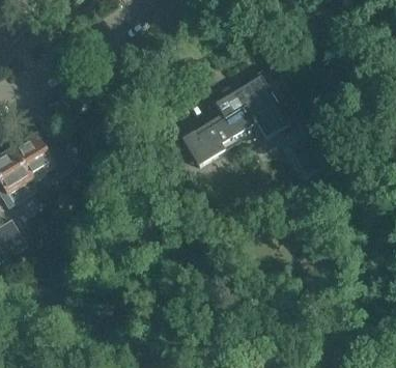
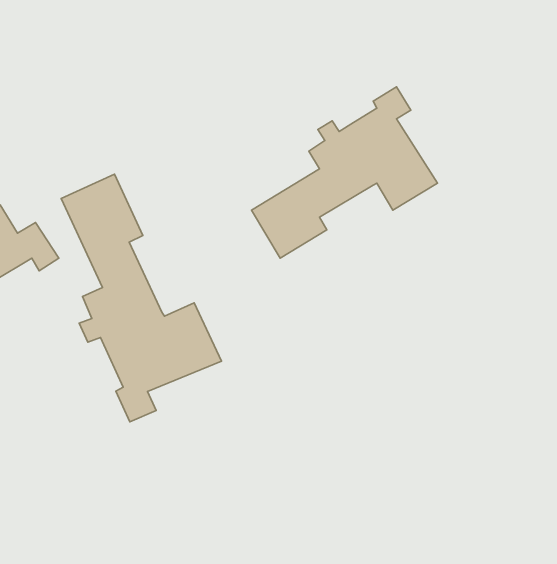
building: none -> [61,174,222,422]

